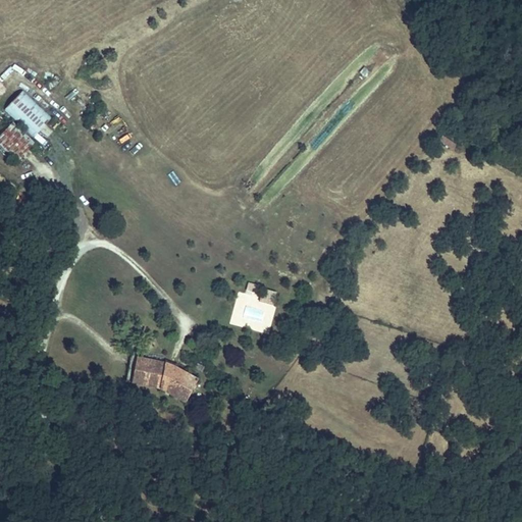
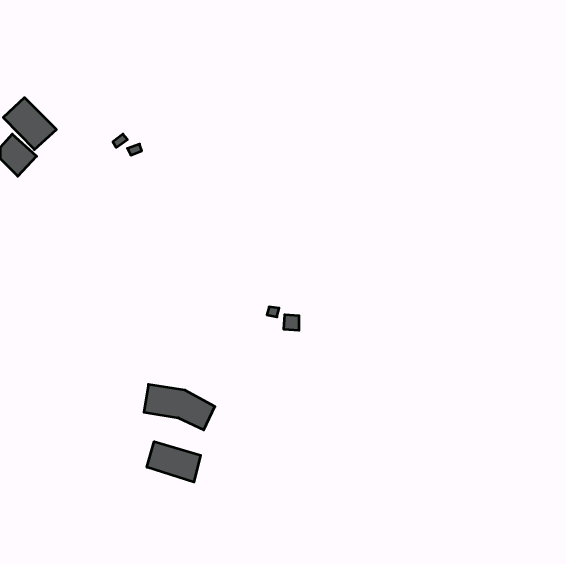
building: none -> [147,442,201,482]

